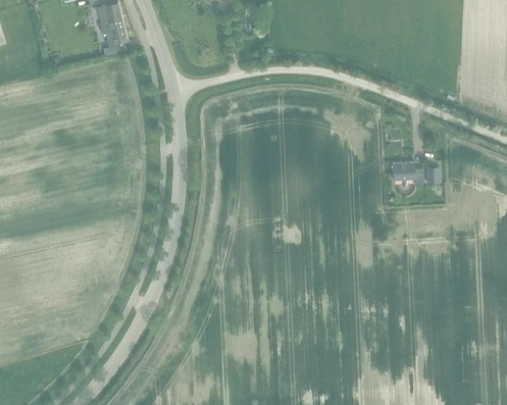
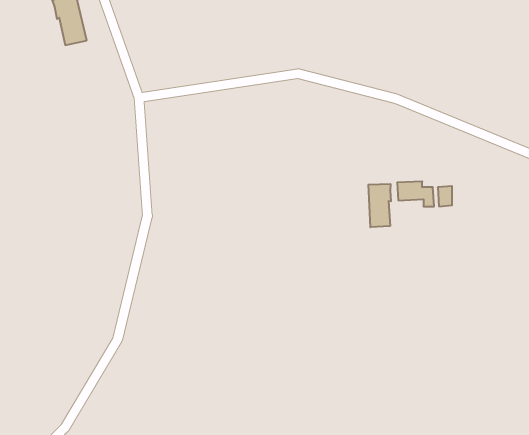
building: none -> [368,184,391,227]

